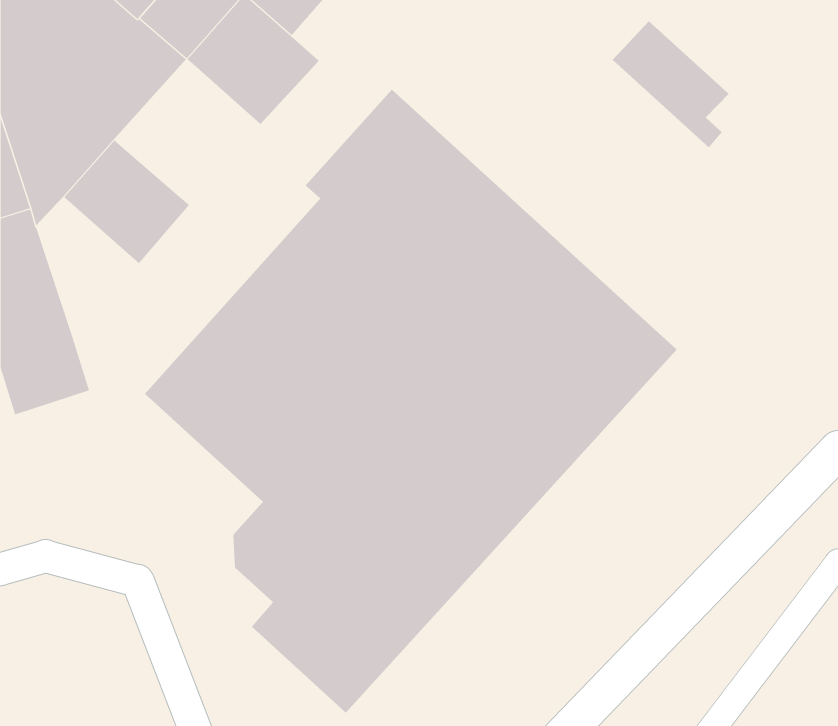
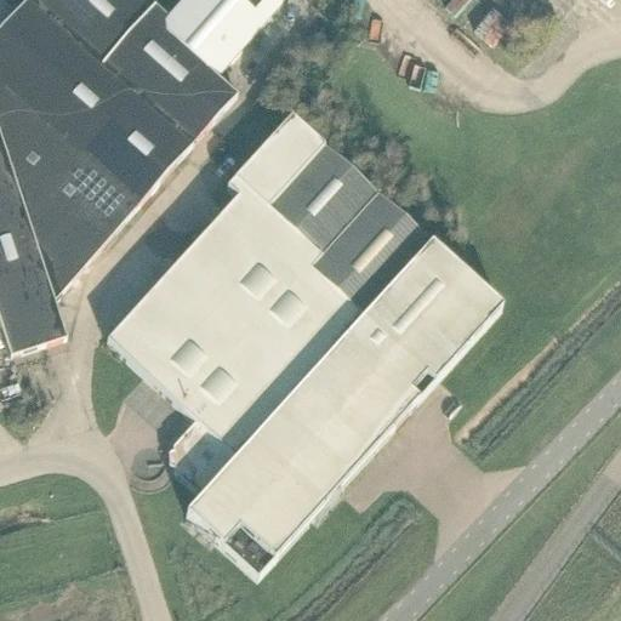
building: [612,20,730,148] -> none
building: none -> [85,90,193,198]
building: none -> [27,192,103,296]

